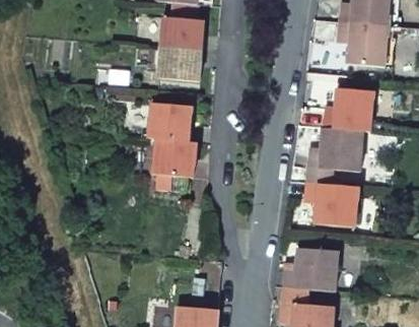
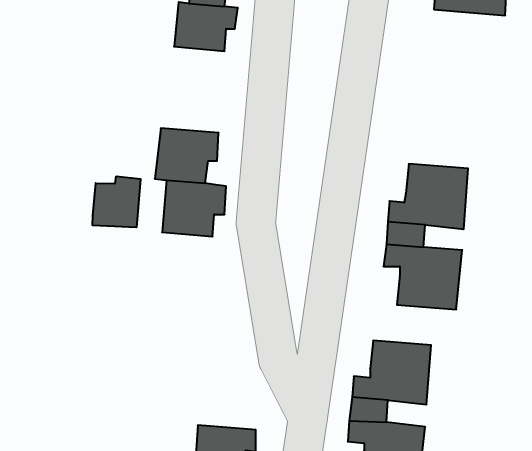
building: [337,21,388,66] -> none
building: [159,47,201,81] -> none
building: [322,87,372,131] -> none
building: none -> [93,176,141,227]

